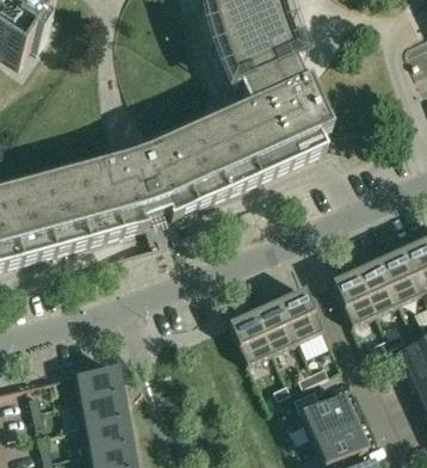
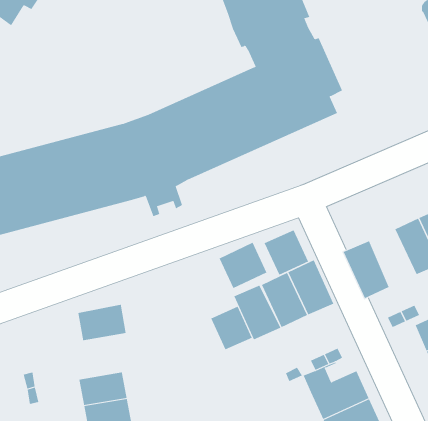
building: [355,258,400,313] -> none
building: none -> [264,229,309,276]
building: none -> [219,242,267,289]
building: none -> [210,306,253,350]
building: [75,365,122,400] -> [77,304,126,341]

